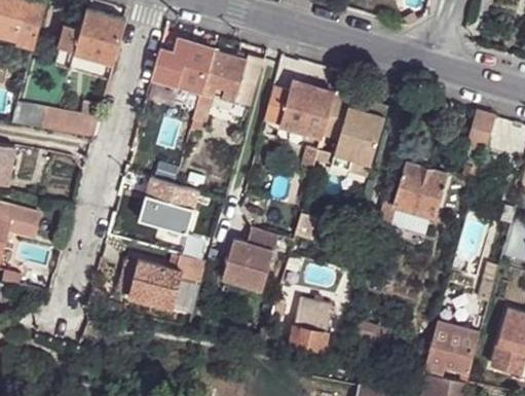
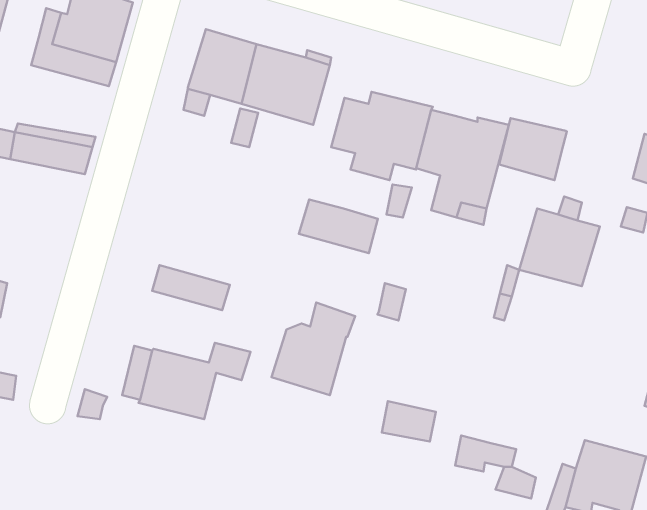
building: none -> [499,118,567,180]
building: [144,178,198,215] -> [299,200,378,253]
building: [290,317,330,351] -> none

